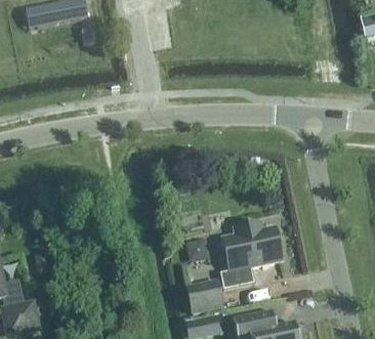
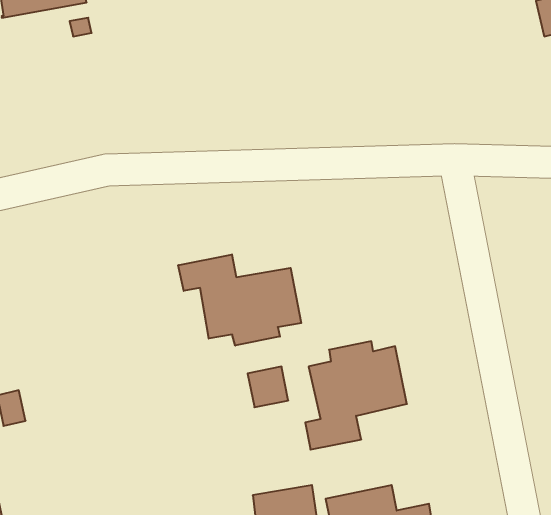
building: none -> [178,254,301,346]
building: [186,281,222,312] -> none

